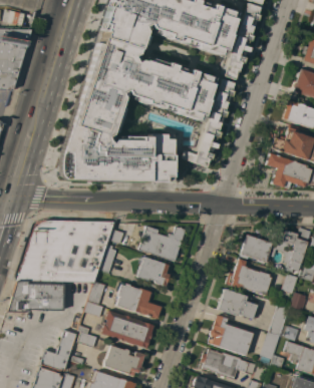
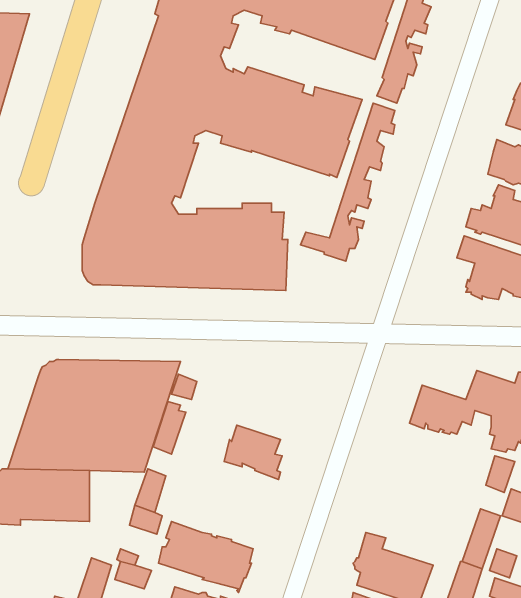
building: [138,227,186,263] -> none
building: [226,259,272,296] -> none
building: [116,285,162,320] -> none
building: [218,290,260,320] -> none

